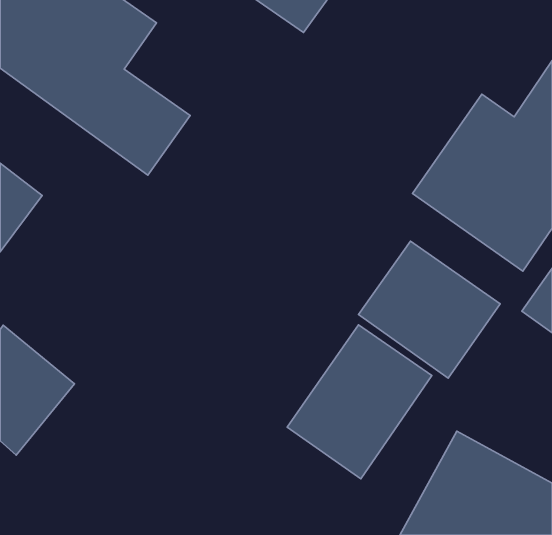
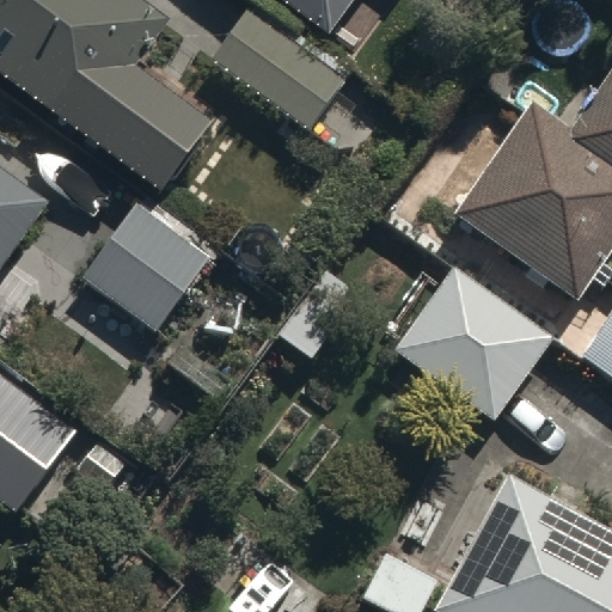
building: none -> [208,12,343,133]
building: none -> [79,201,212,333]
building: [287,325,432,479] -> none

